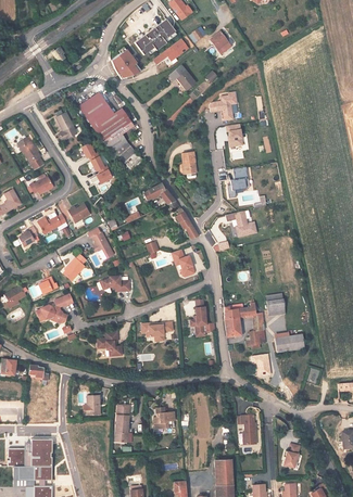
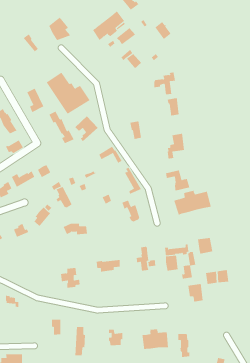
building: [112,50,139,79] -> [48,17,71,41]
building: none -> [174,190,212,215]
building: [36,295,72,324] -> none
building: none -> [142,328,169,350]

